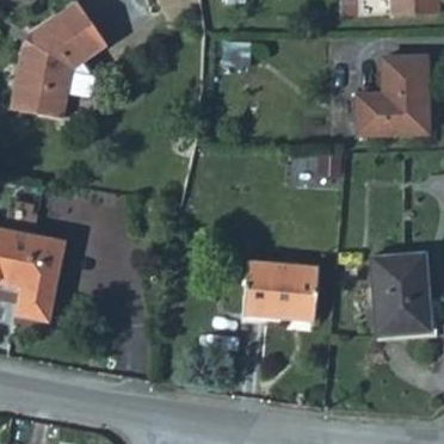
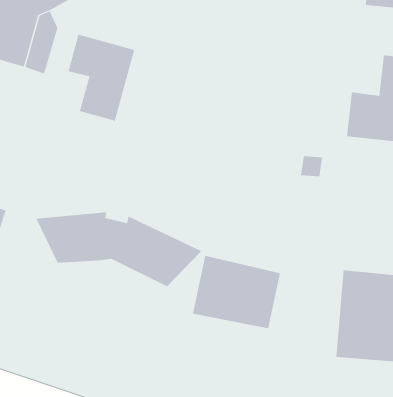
building: none -> [68,34,135,121]
building: none -> [36,212,202,287]

